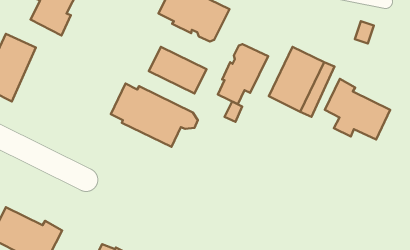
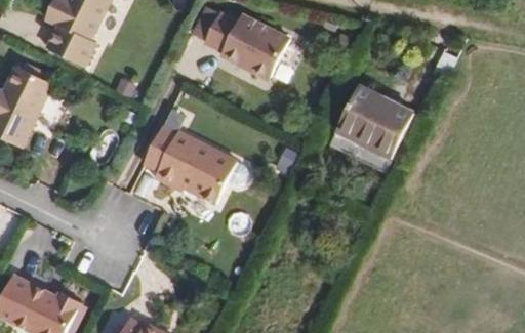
building: [218,44,268,104] -> none
building: [149,47,206,94] -> none
building: [325,79,390,139] -> none

